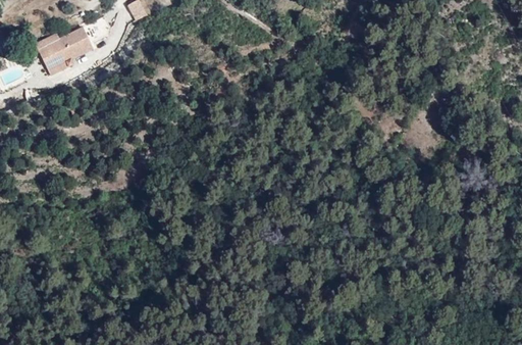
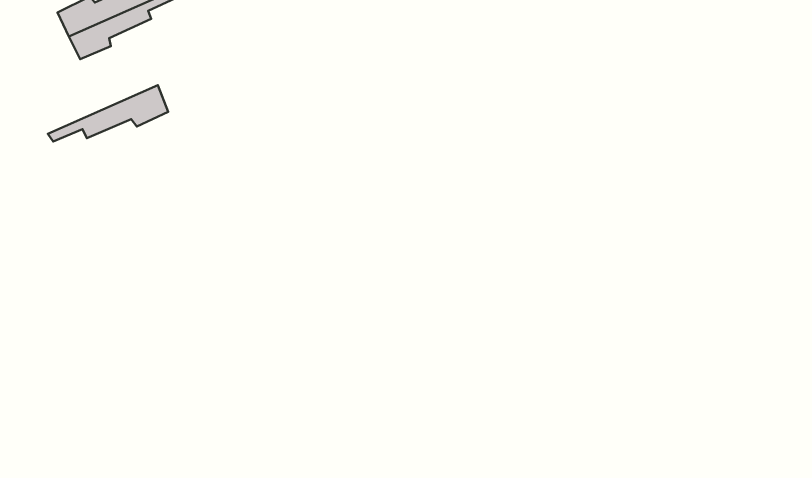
building: none -> [48,85,168,141]

